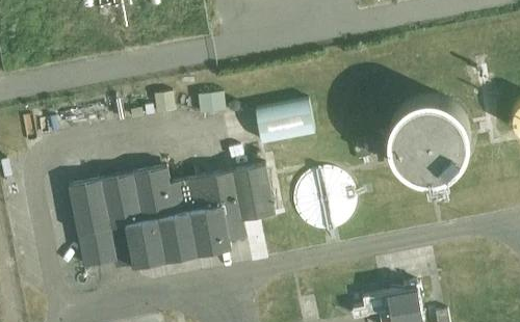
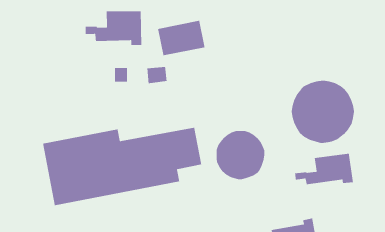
building: none -> [85,11,142,46]
building: [259,95,321,141] -> [157,20,206,56]
building: none -> [294,153,354,185]

